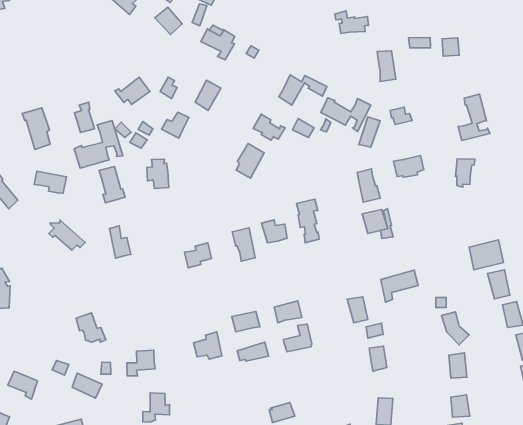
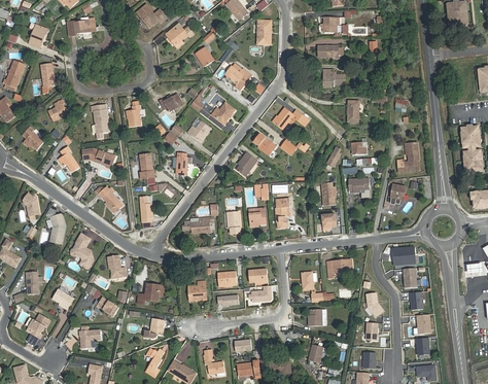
building: [321,98,371,131] -> none
building: [74,120,123,168] -> none
building: none -> [69,233,95,266]

